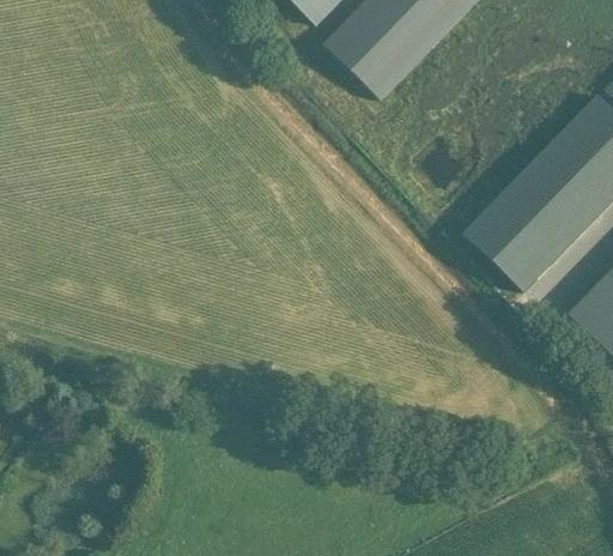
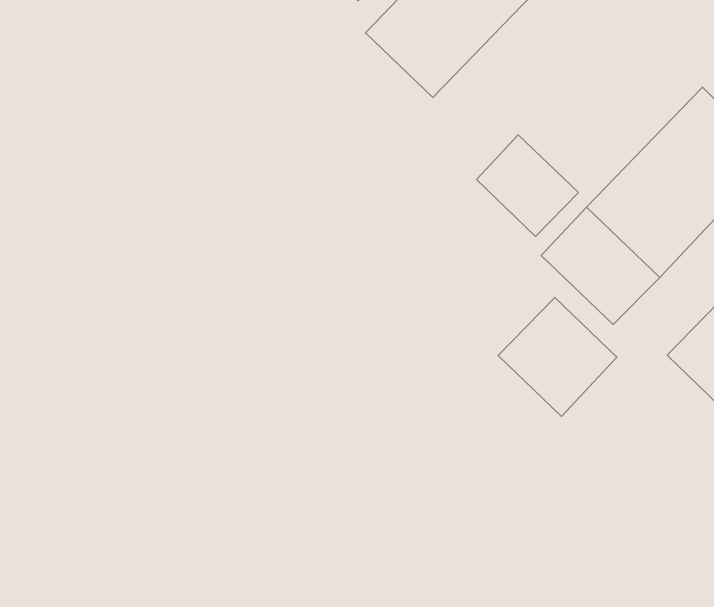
building: none -> [477,135,578,236]
building: none -> [498,297,617,416]

